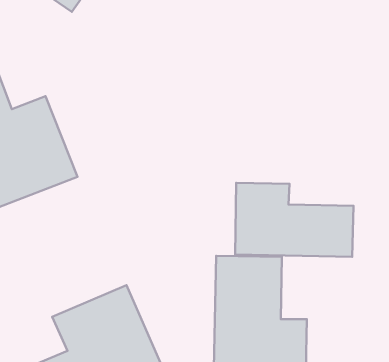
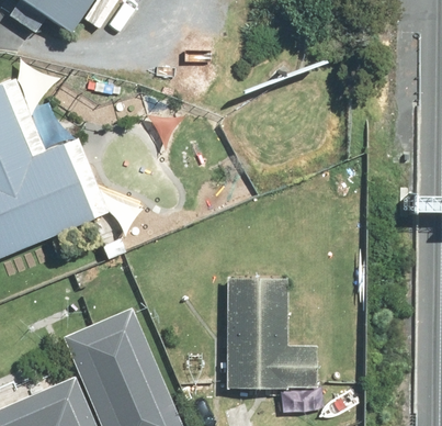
building: [235,183,353,257] -> none

